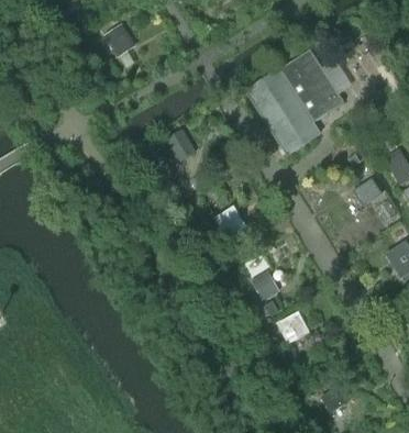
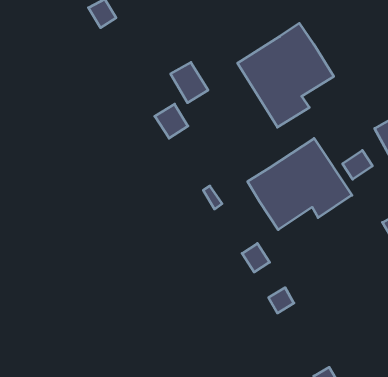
building: none -> [171,62,208,103]
building: none -> [248,138,352,230]

